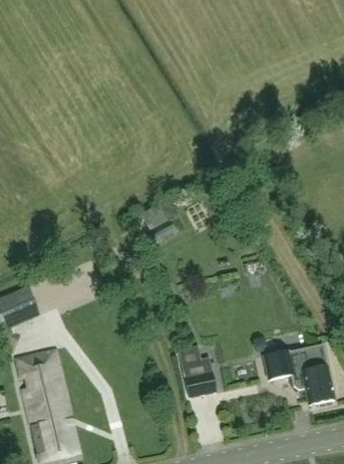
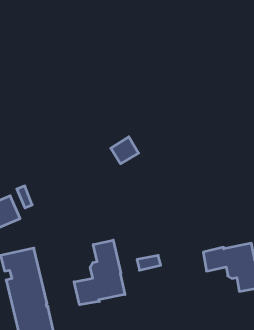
building: none -> [74,240,125,305]
building: [184,372,216,398] -> none

